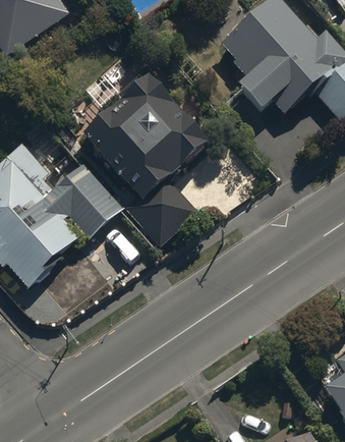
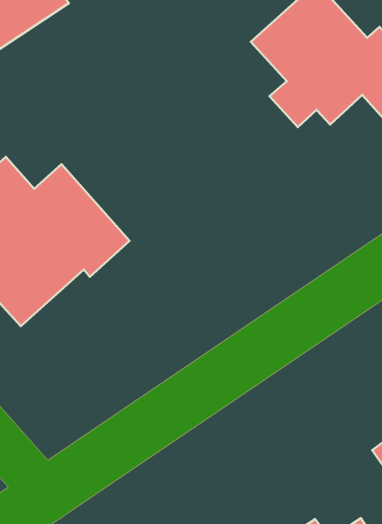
building: [83,81,208,245] -> none

